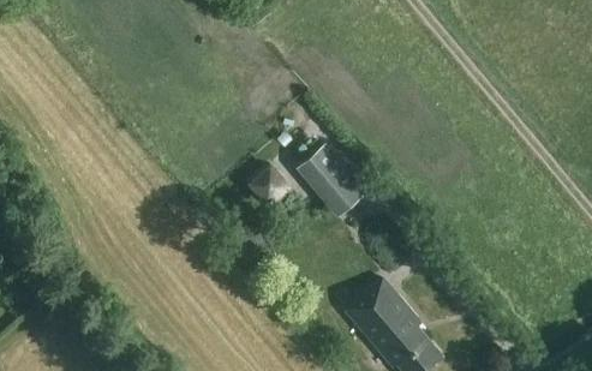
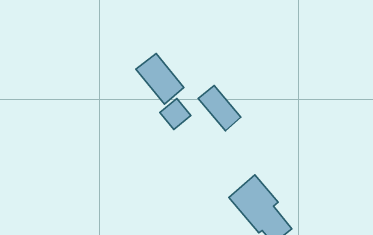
building: none -> [136,53,184,104]

